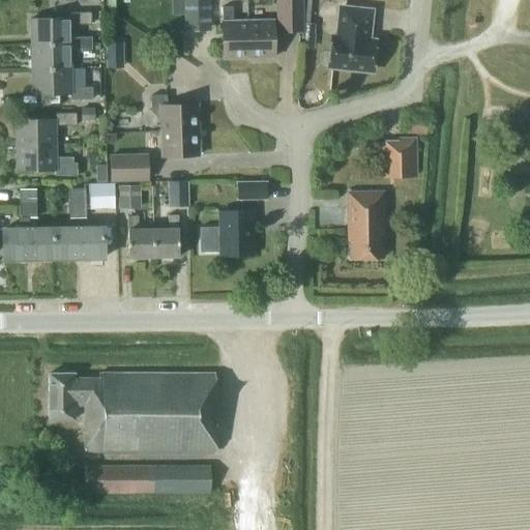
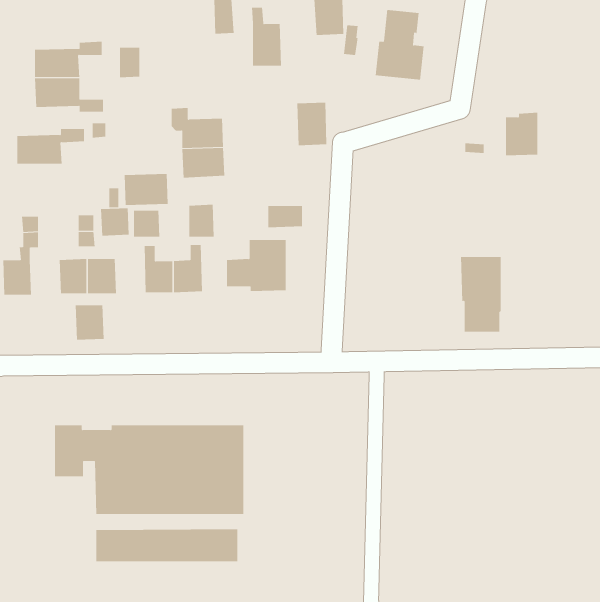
building: [32,11,92,43] -> none
building: [248,20,275,58] -> [297,102,327,146]
building: [387,138,416,176] -> [505,112,538,156]
building: [17,144,78,175] -> none
building: [348,192,384,258] -> [460,257,501,332]
building: [29,228,55,259] -> [75,305,104,340]

